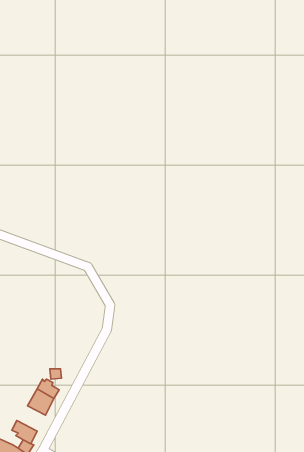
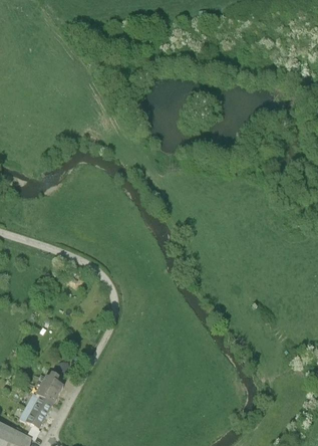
building: none -> [25,394,52,419]

